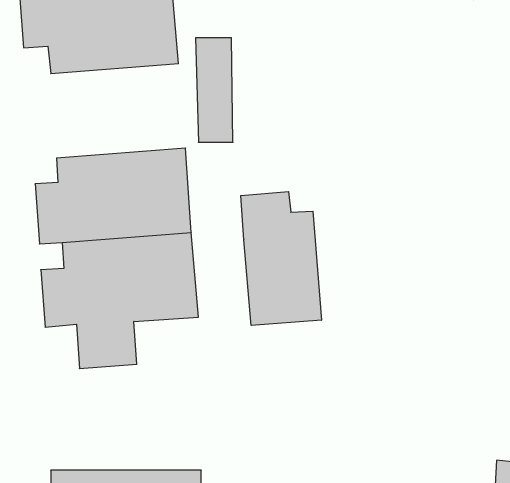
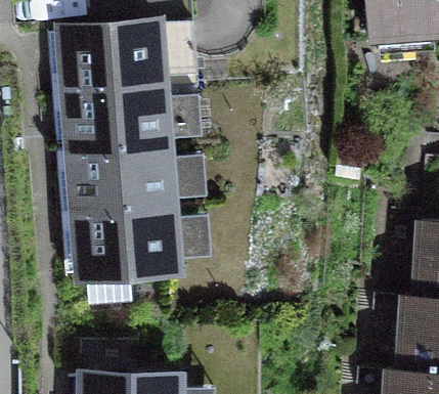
building: none -> [61,82,172,150]
building: [241,192,321,325] -> none

